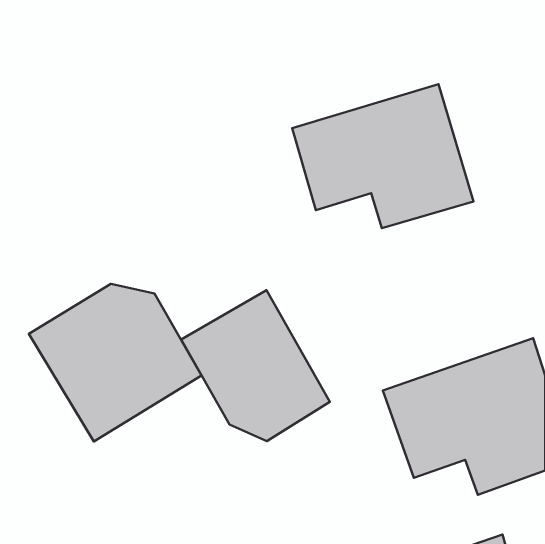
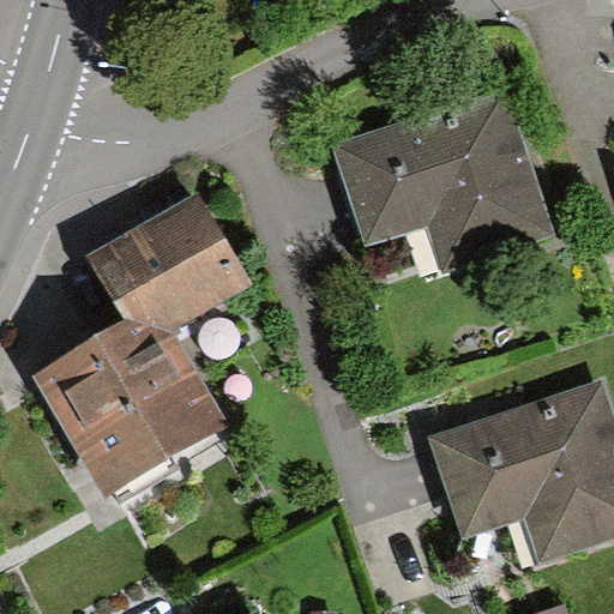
building: none -> [86,192,252,331]
building: [181,290,330,441] -> none

